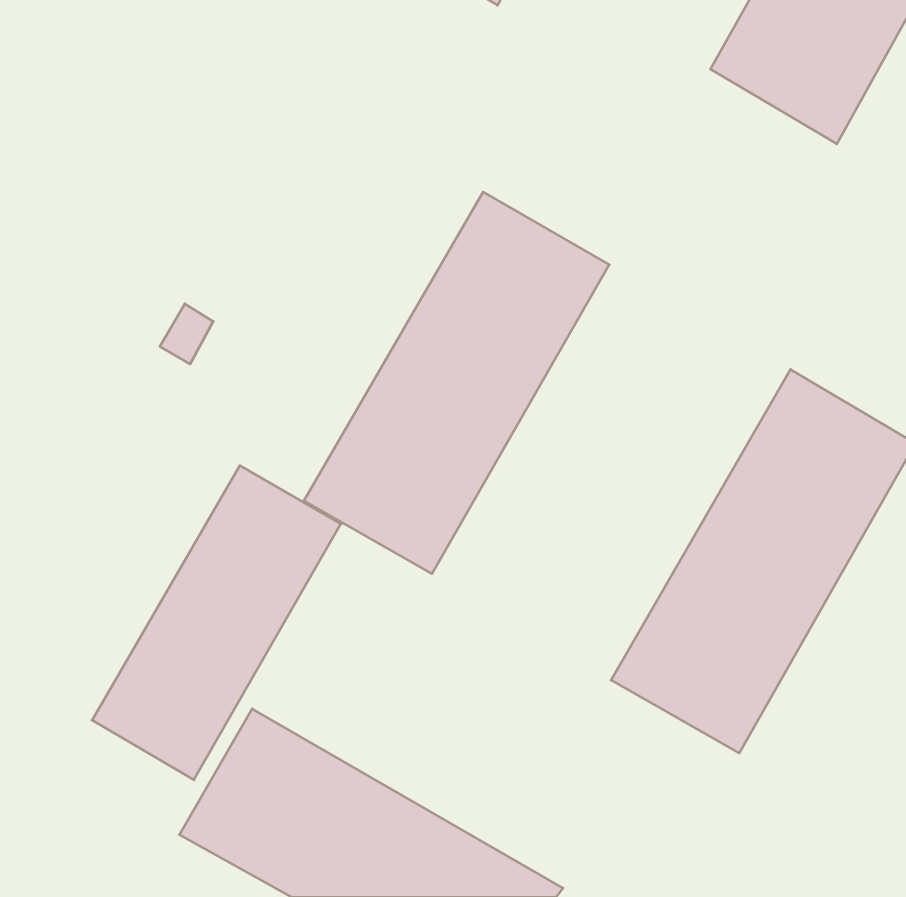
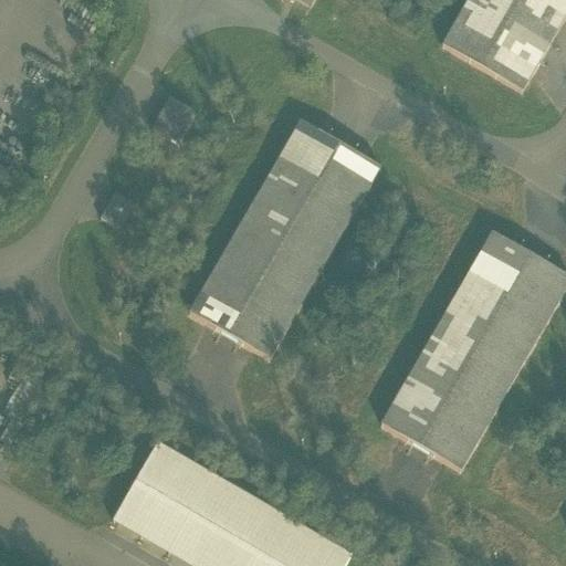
building: none -> [153,95,196,140]
building: [92,466,341,780] -> none

